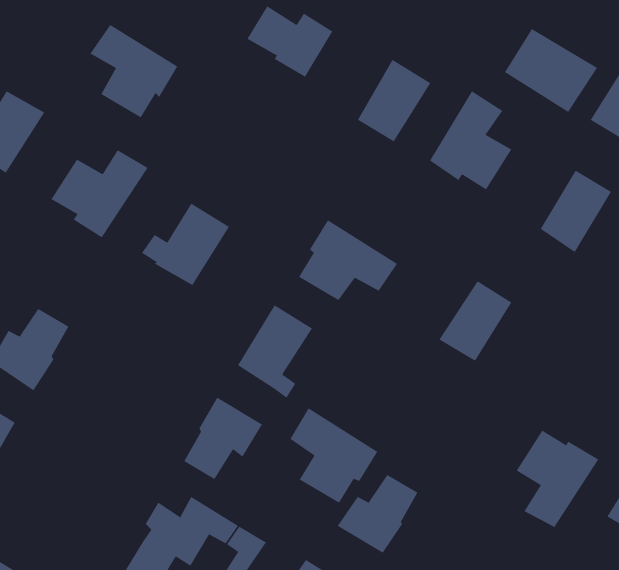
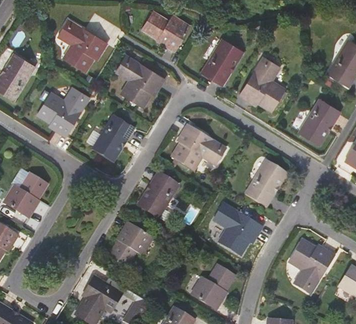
building: [504,28,598,113] -> none
building: none -> [116,53,164,105]
building: [290,408,378,504] -> [214,199,262,251]

